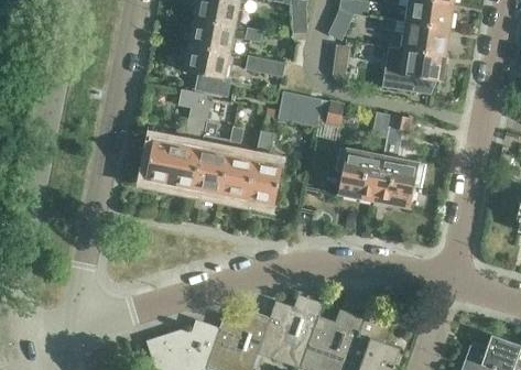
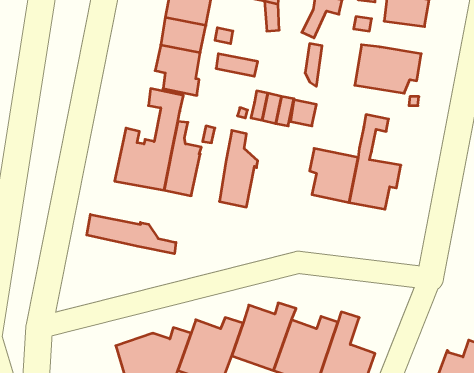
building: [404,23,448,55] -> none
building: [220,153,254,199] -> none
building: none -> [87,214,176,254]

